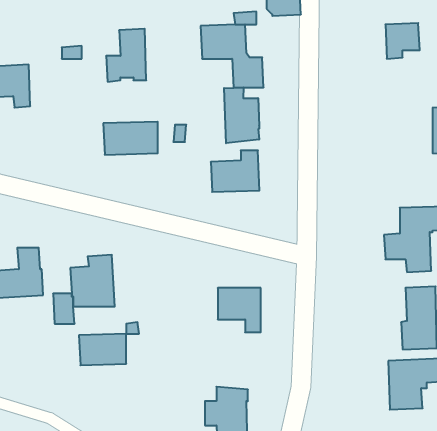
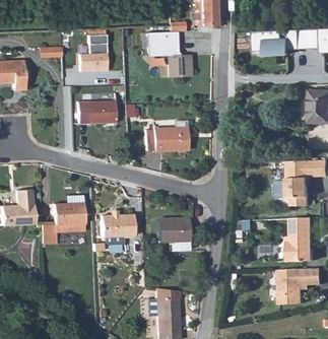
building: none -> [253,31,277,56]
building: [224,87,259,143] -> none
building: [79,334,126,365] -> [100,214,133,236]

